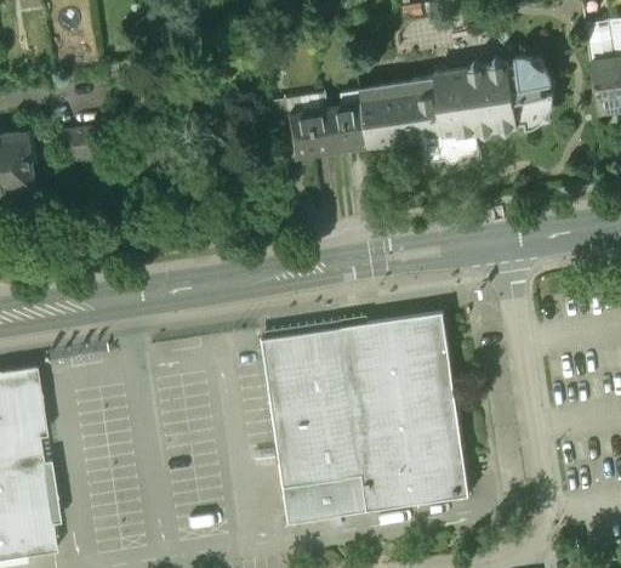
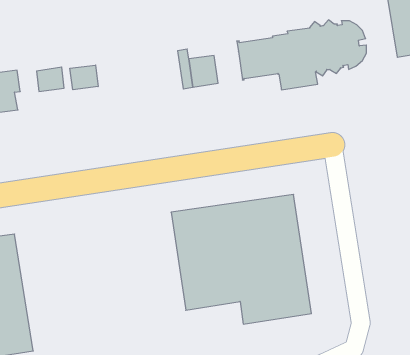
building: [325,102,368,149] -> none
building: none -> [70,65,98,90]
building: [283,476,369,521] -> none

